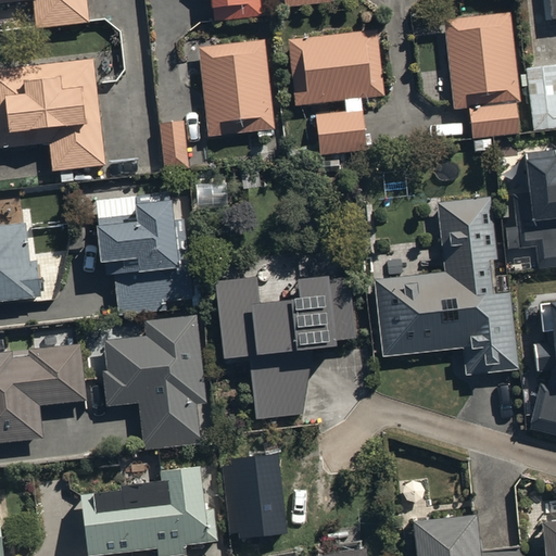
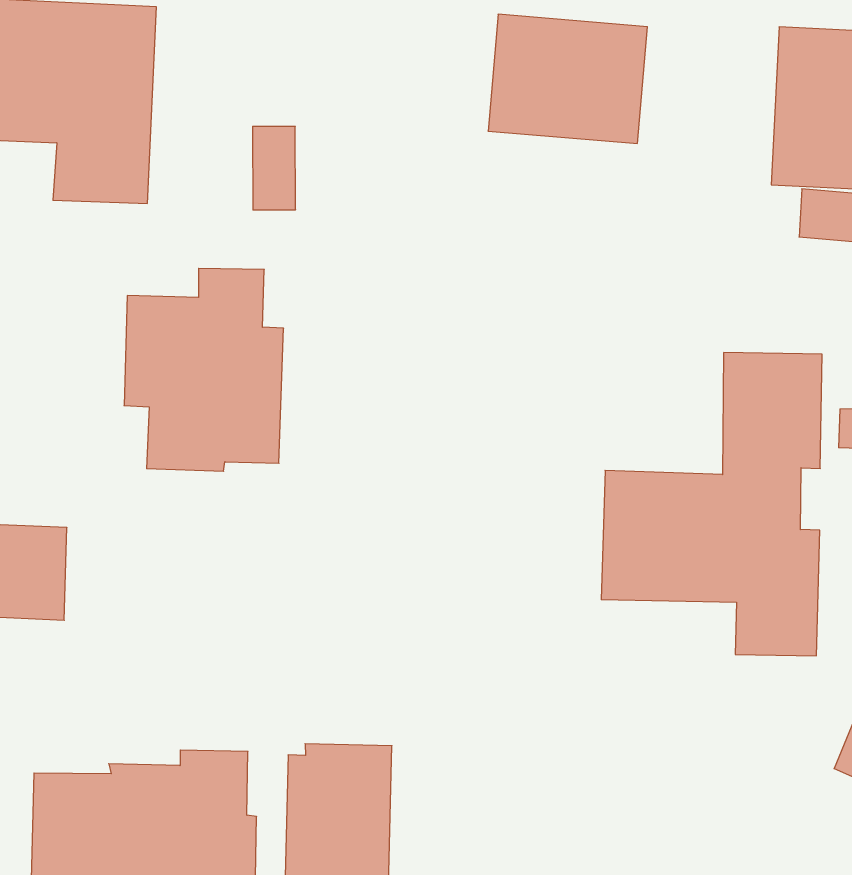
building: [201,41,268,134] -> none
building: [312,114,356,152] -> none
building: [214,264,357,416] -> none
building: [104,321,206,447] -> none

